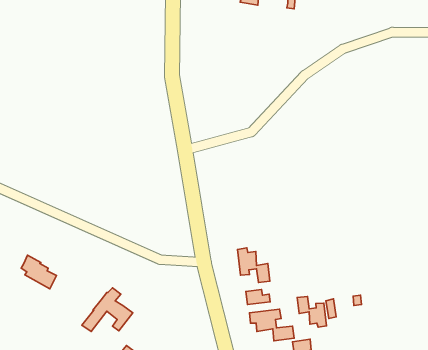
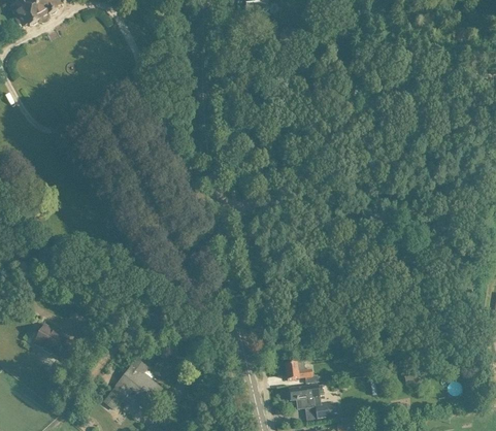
building: [237,248,270,282] -> none
building: [297,297,327,327] -> none

